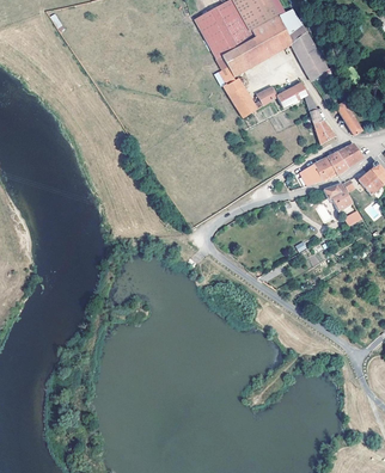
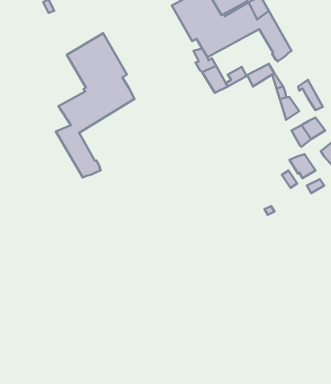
building: none -> [56,33,135,178]
building: [299,156,335,184] -> none

